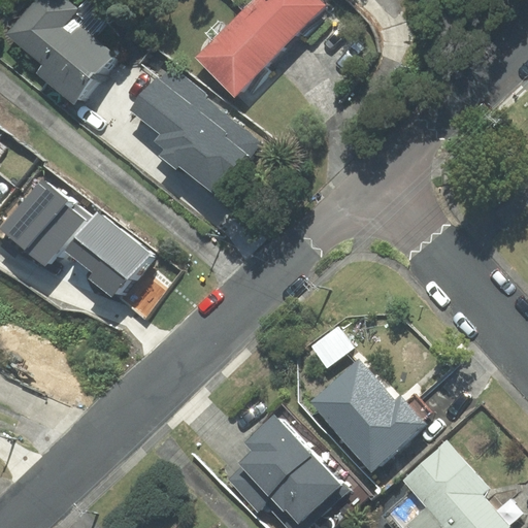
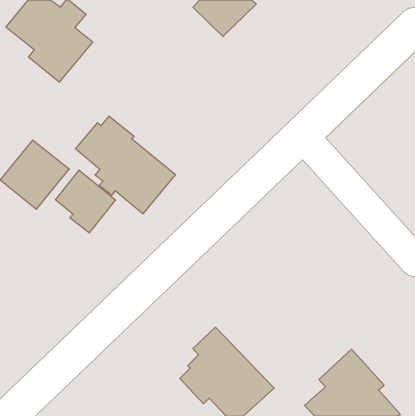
building: [197,9,283,95] -> none
building: [129,67,256,191] -> [75,116,176,214]
building: [309,359,425,471] -> none

